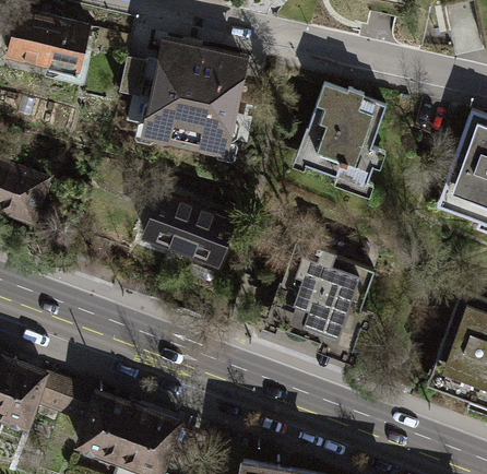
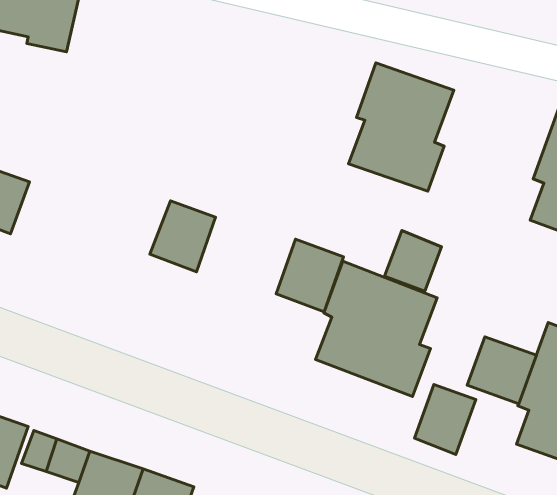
building: [121,39,242,150] -> none
building: [180,208,234,265] -> [276,239,343,312]
building: none -> [385,231,441,291]
building: none -> [467,337,536,404]
building: none -> [415,385,476,455]

